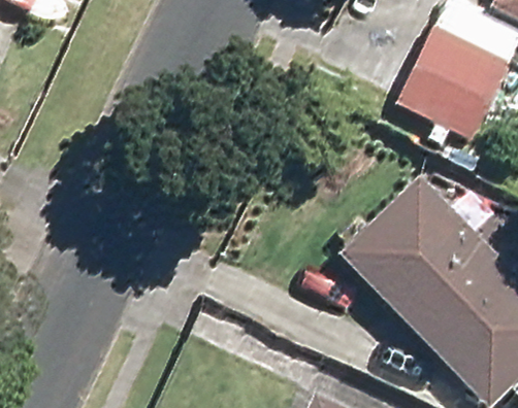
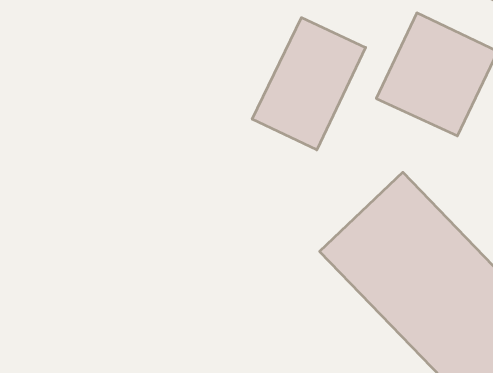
building: none -> [252,18,366,150]

